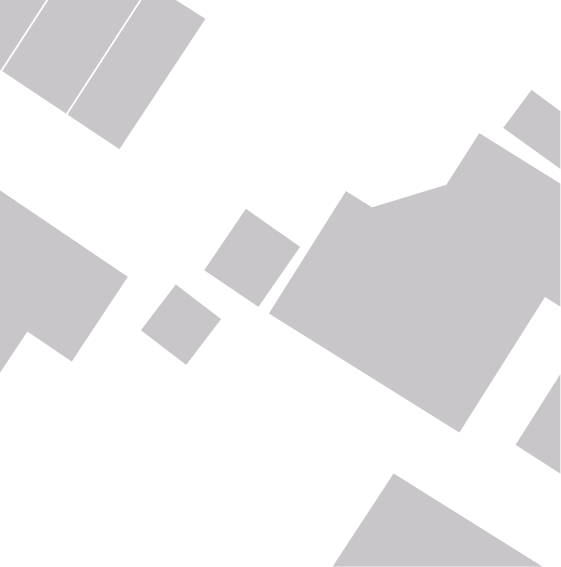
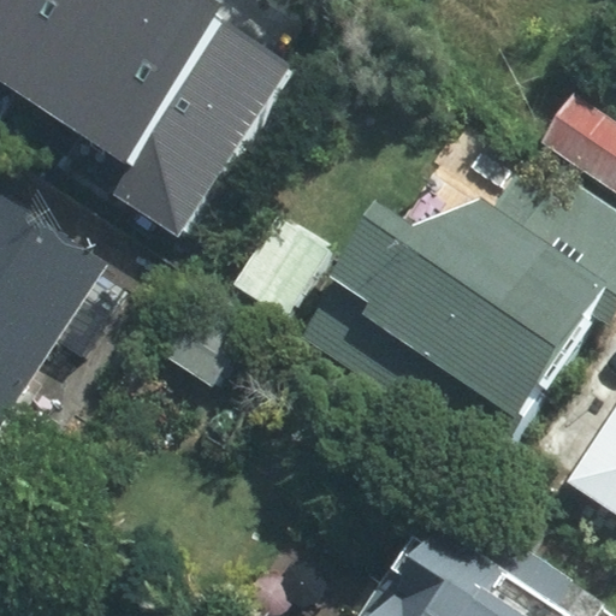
building: none -> [112,20,298,238]

